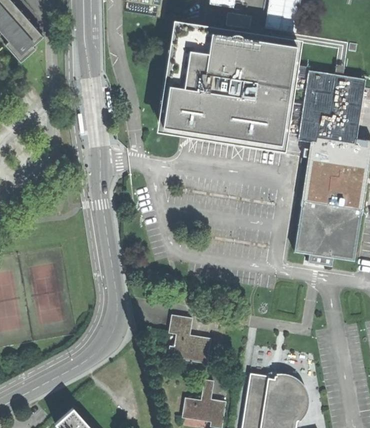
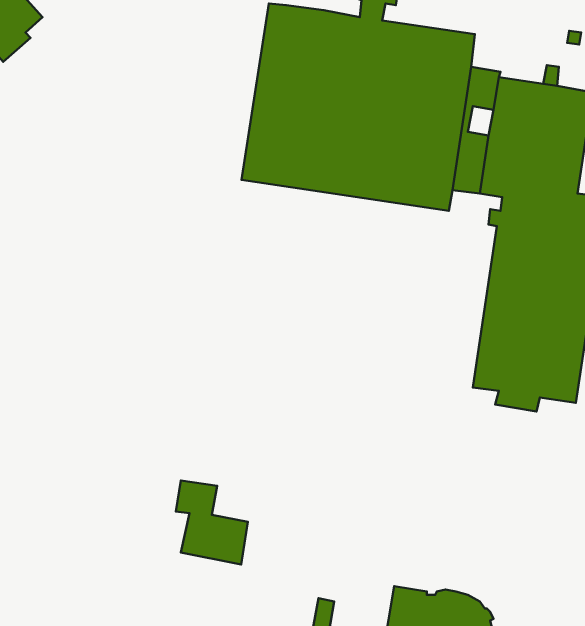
building: [169,311,211,360] -> [176,481,248,565]

